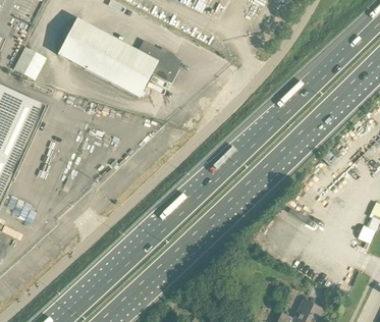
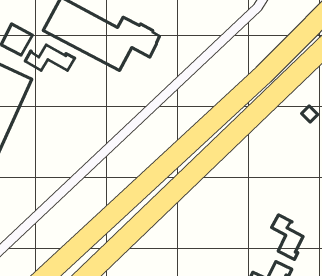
building: none -> [25,45,75,70]
building: none -> [272,215,303,260]

